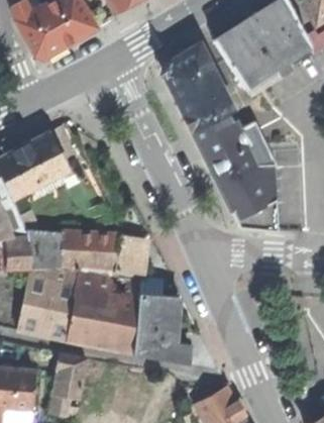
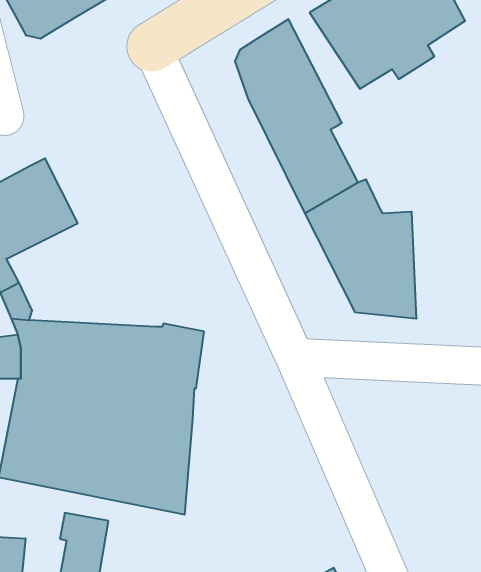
building: [225,111,276,166] -> none
building: [134,294,190,363] -> none

